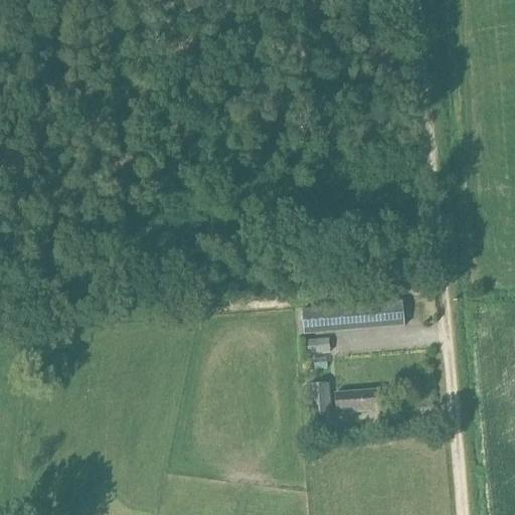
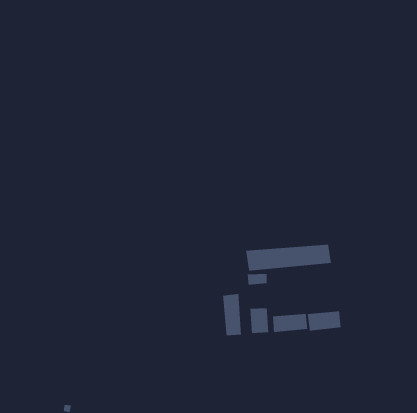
building: none -> [222,293,242,336]
building: none -> [307,310,341,332]

